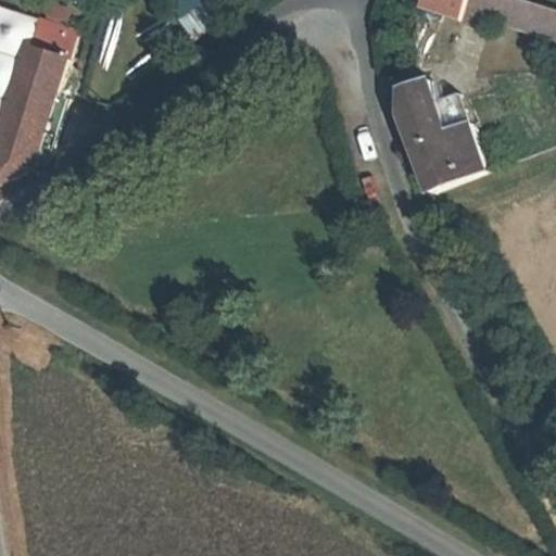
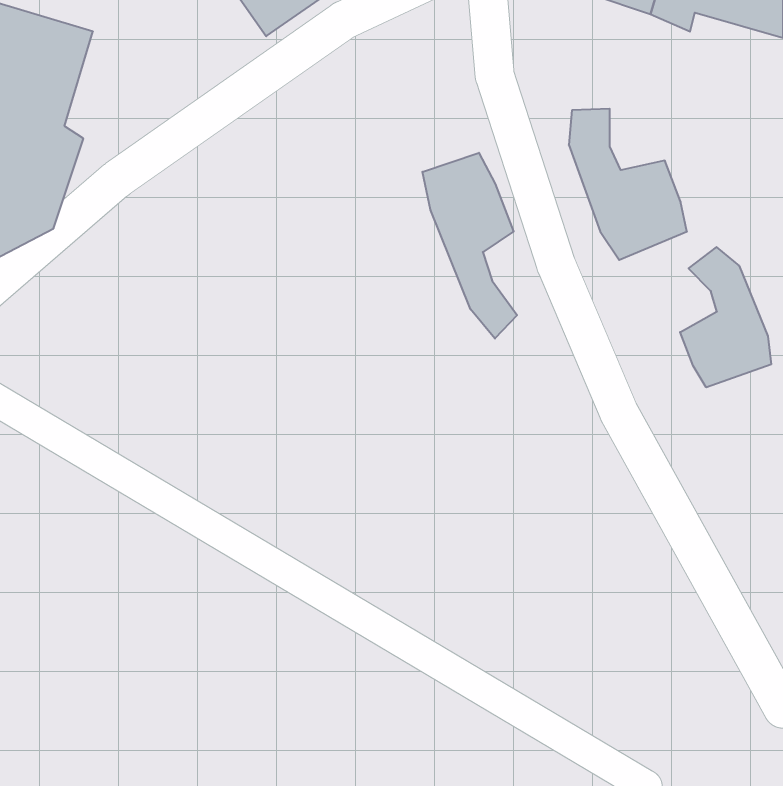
building: none -> [422,153,517,339]
building: none -> [680,247,771,387]

